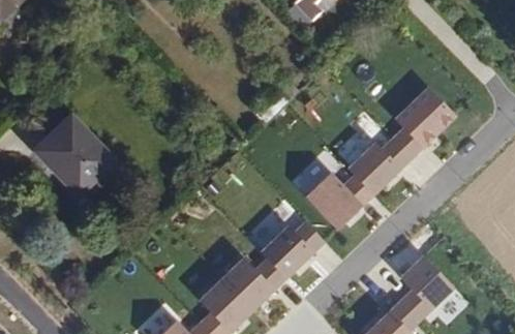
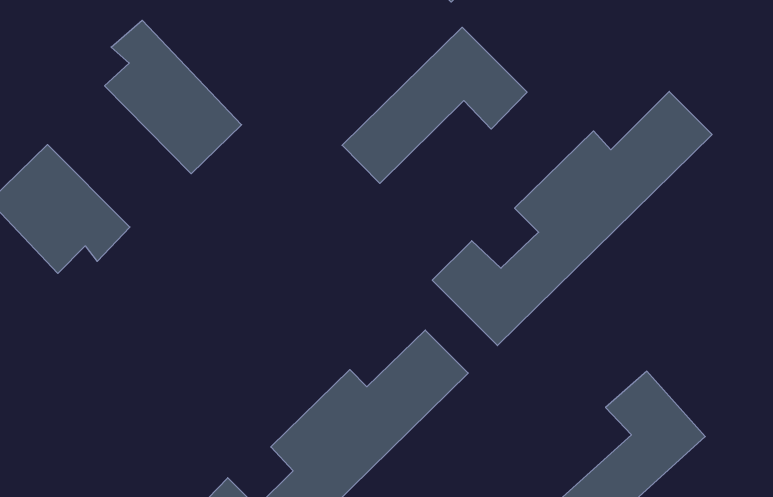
building: none -> [105,20,242,174]
building: none -> [342,27,527,183]

